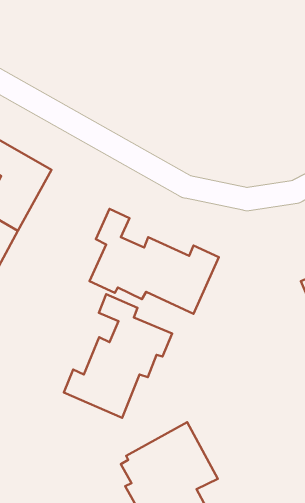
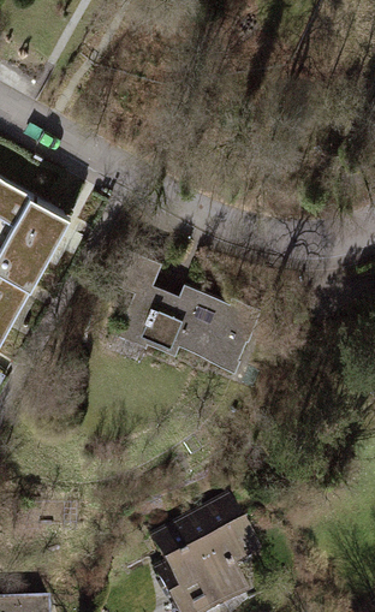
building: [64,294,172,418] -> none

